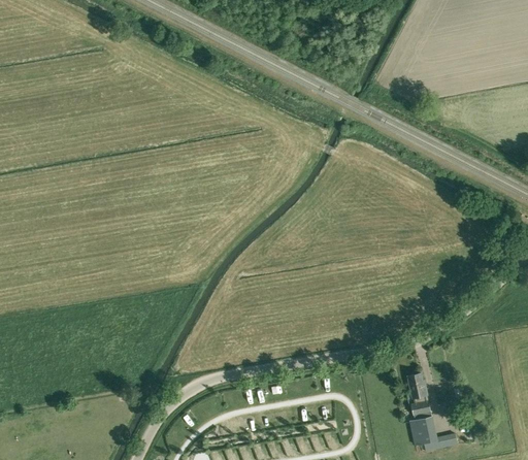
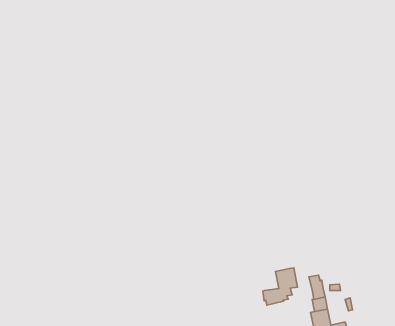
building: none -> [263,268,297,305]

